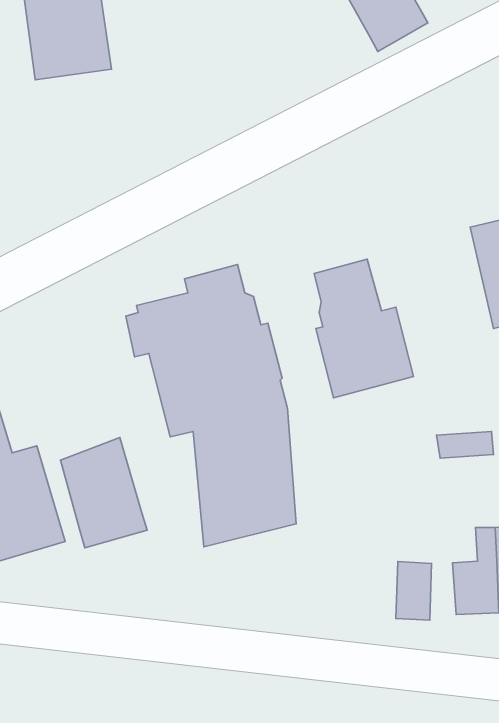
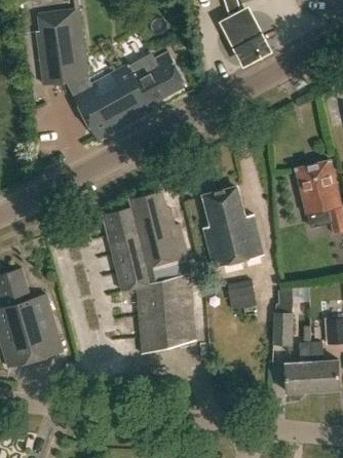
building: none -> [74,50,187,139]
building: none -> [227,279,256,309]
building: [60,437,147,548] -> none
building: [396,562,431,620] -> [272,311,293,345]

